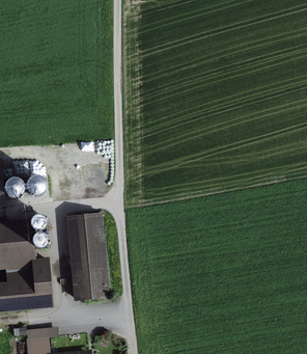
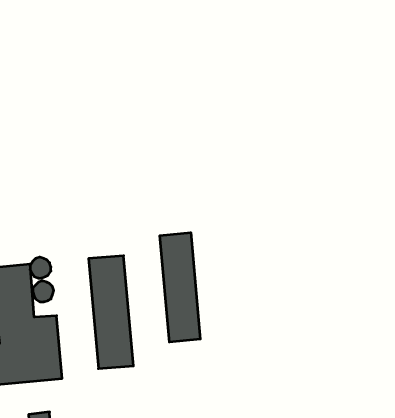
building: none -> [160,233,200,342]

